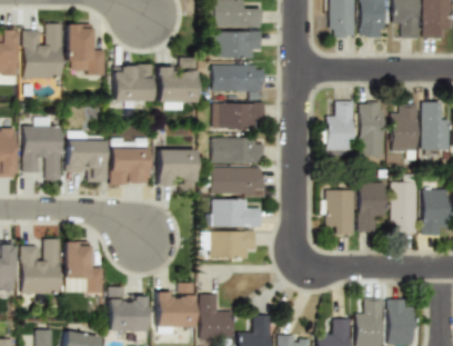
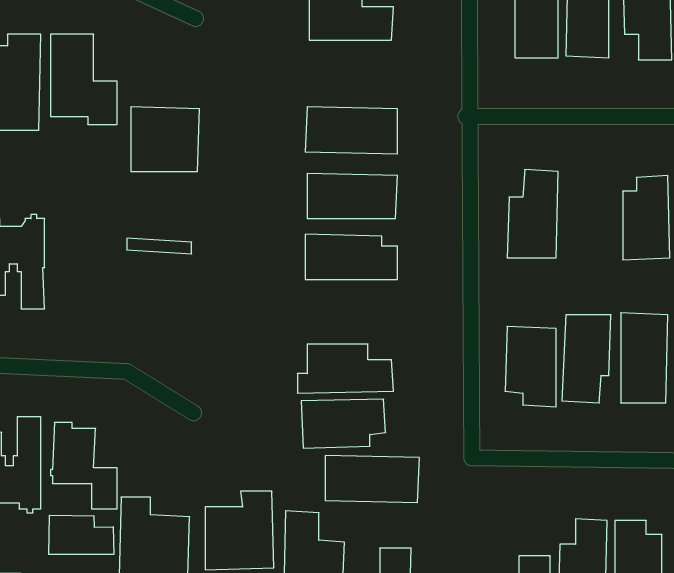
building: [215,30,262,59] -> none
building: [157,57,197,101] -> none
building: [360,102,384,156] -> none
building: [71,142,108,181] -> none
building: [114,150,151,182] -> none
building: [162,151,199,194] -> none
building: [211,167,264,194] -> [325,456,419,503]
building: none -> [49,515,114,554]

